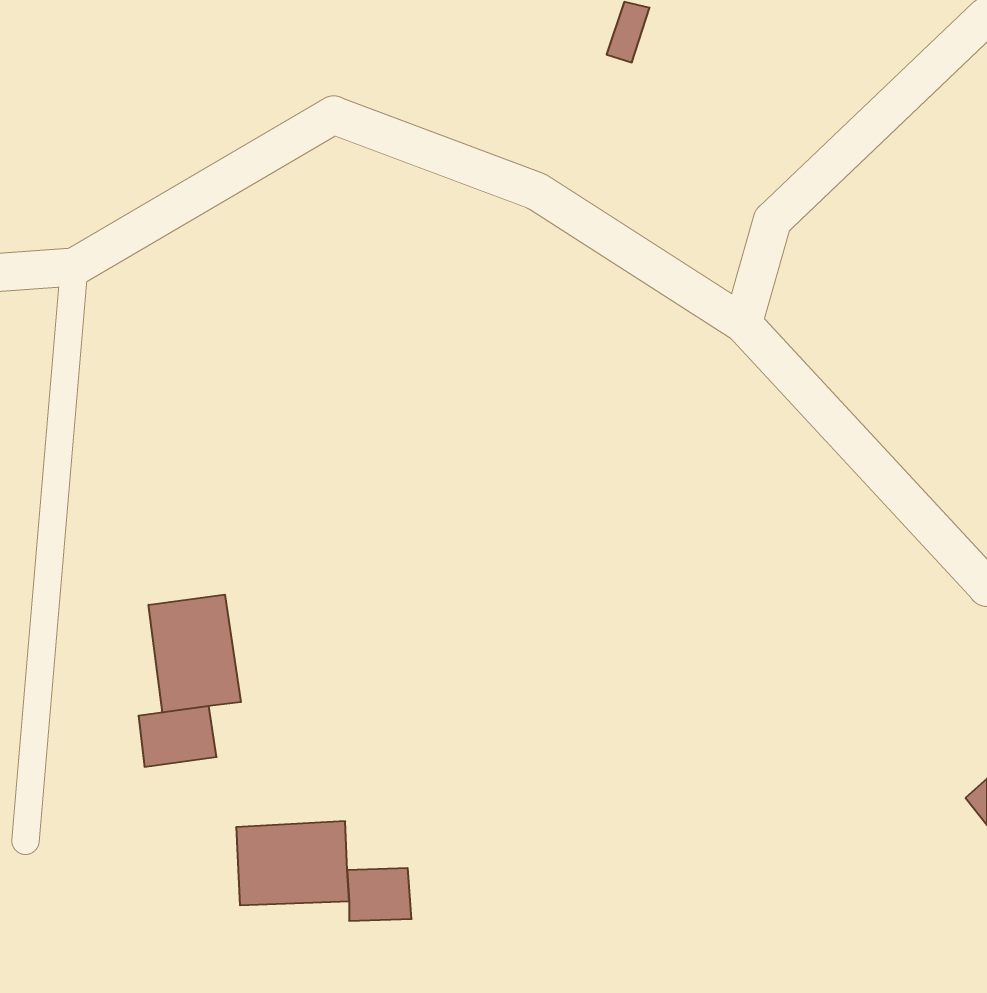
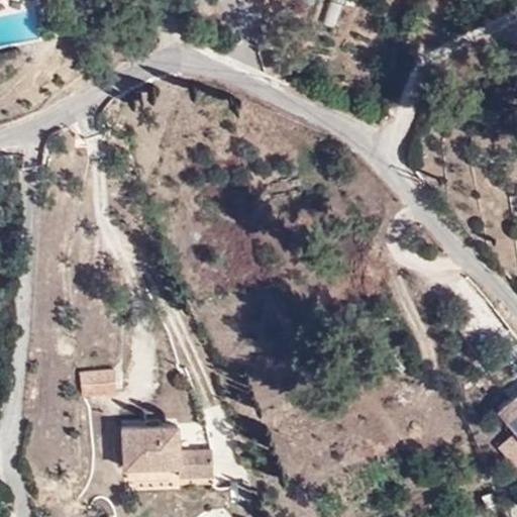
building: [149,595,241,713] -> none

